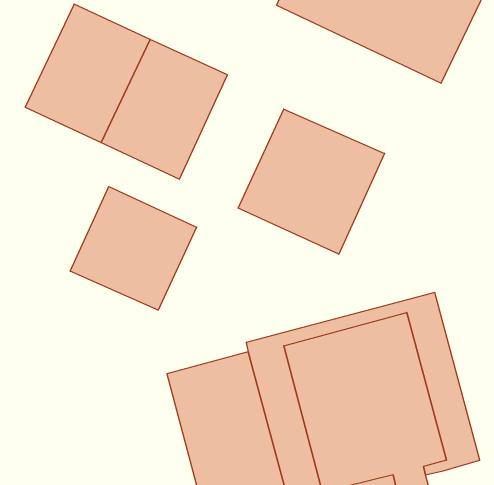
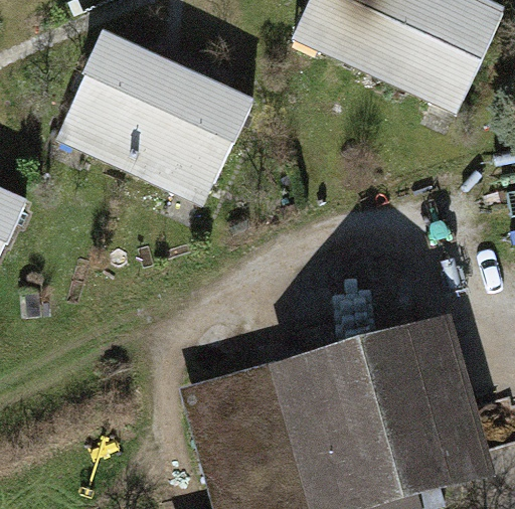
building: [238,109,385,254] -> none
building: [70,187,197,310] -> none

